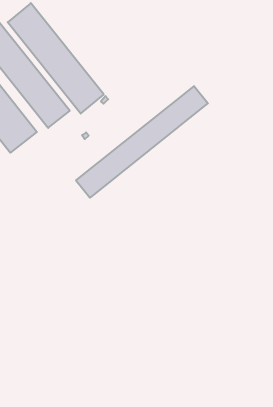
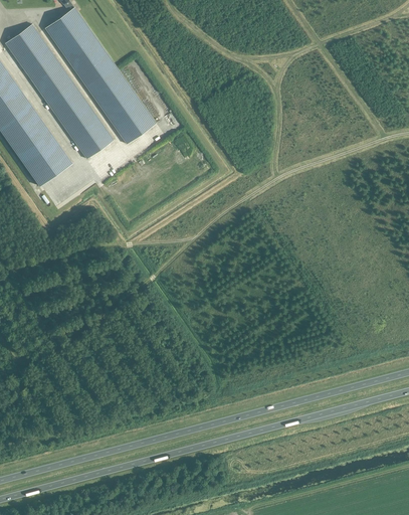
building: [76,86,208,198] -> none

